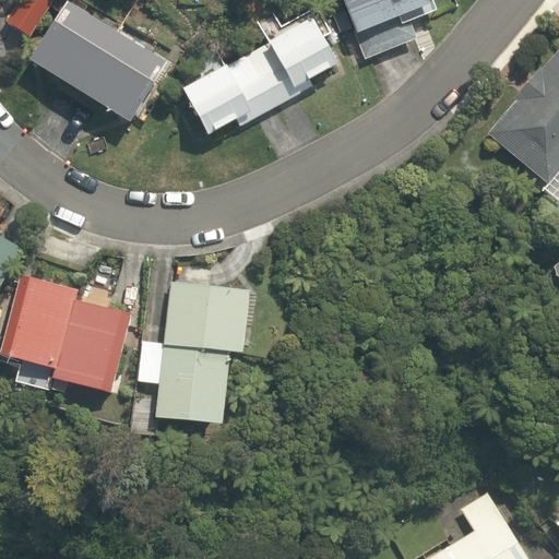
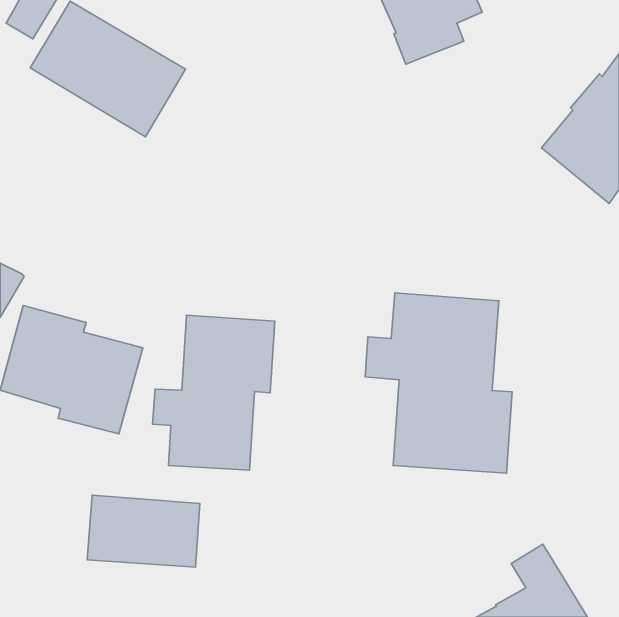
building: [178,11,338,133] -> none
building: none -> [365,293,512,473]
building: none -> [87,495,200,567]

